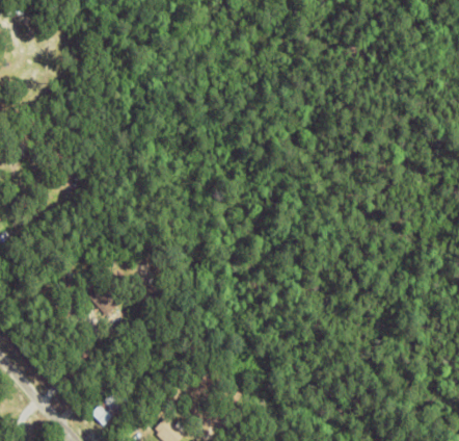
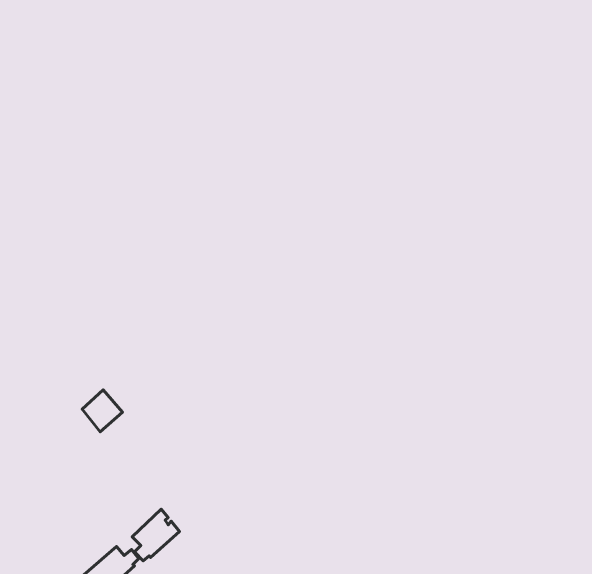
building: none -> [132,509,180,561]

